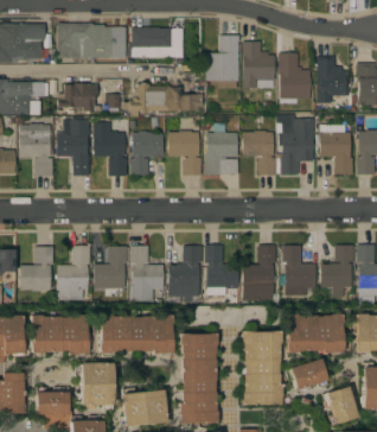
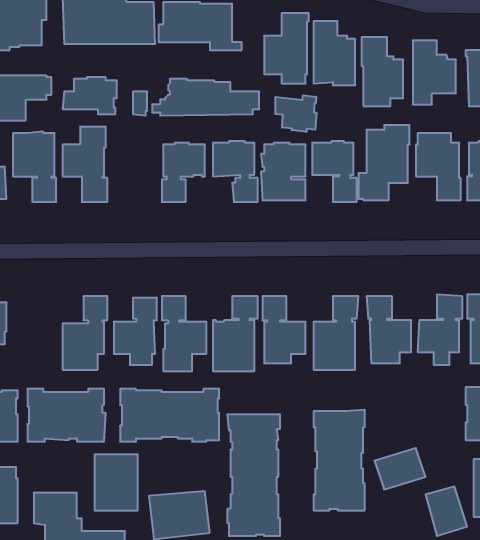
building: none -> [276,95,316,132]
building: [94,122,127,176] -> none
building: [20,247,53,291] -> none
building: [286,313,343,355] -> none

